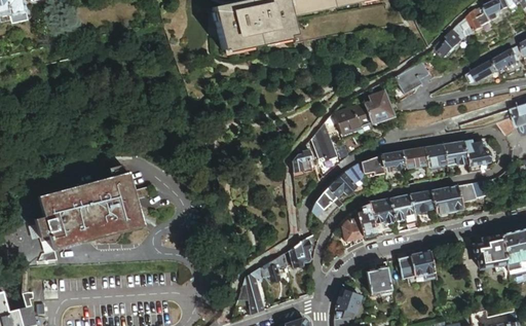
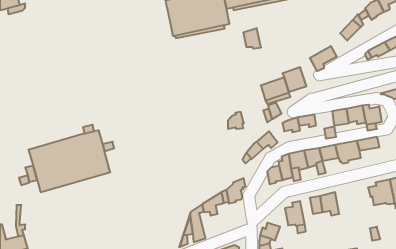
building: none -> [244,28,261,49]
building: [312,121,336,159] -> none
building: [405,147,429,168] -> none

